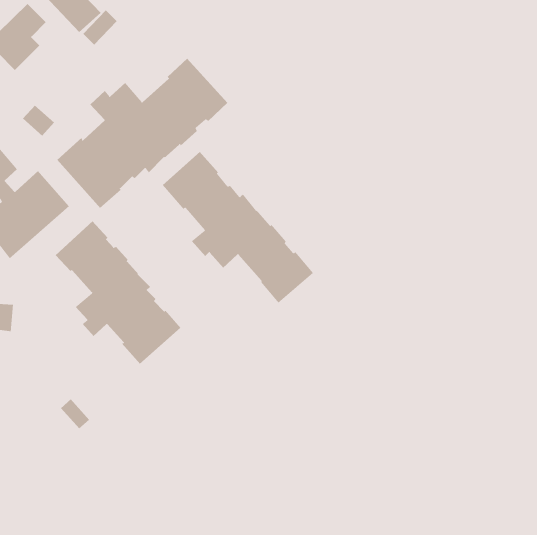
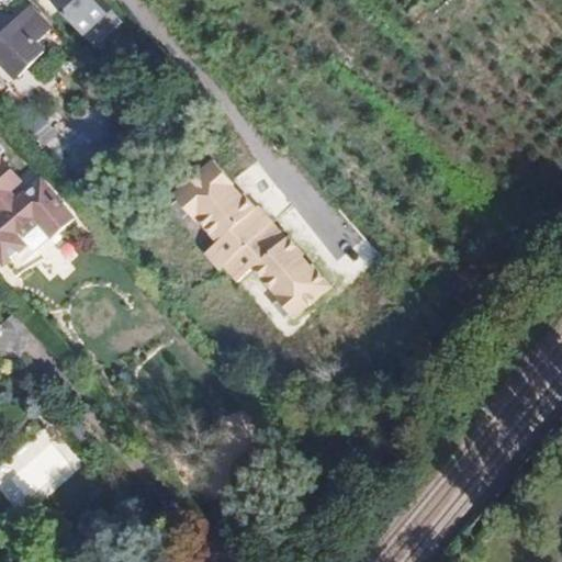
building: [57,58,228,209] -> none
building: [55,220,181,364] -> none

